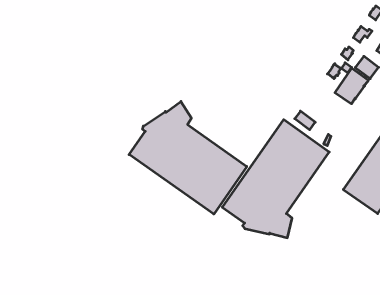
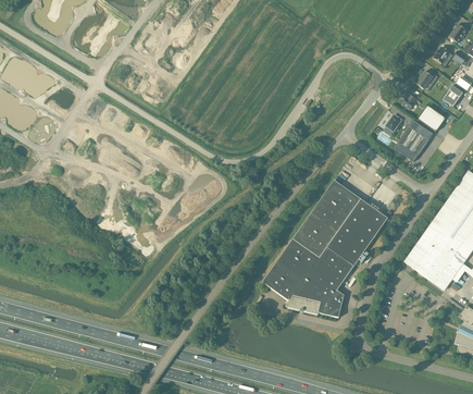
building: [129,101,247,214] -> none

